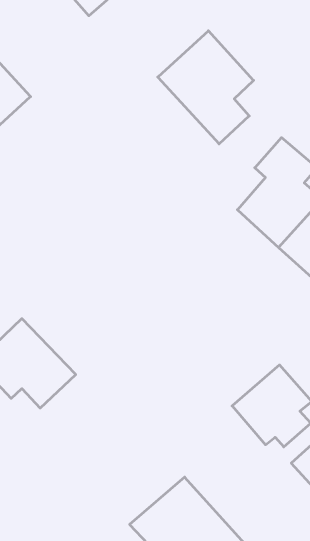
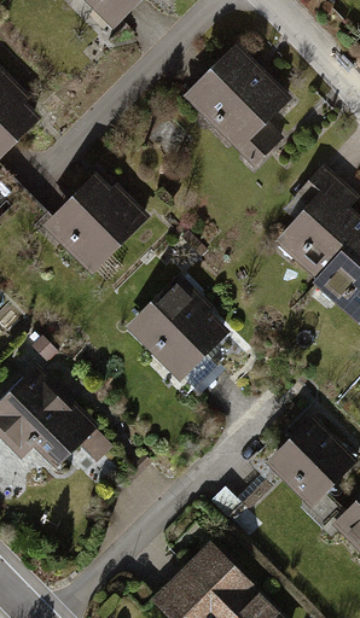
building: none -> [37,167,140,268]
building: none -> [126,279,225,377]

